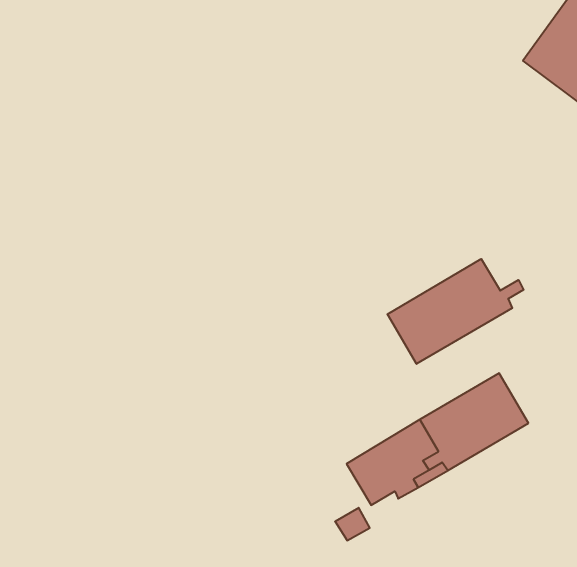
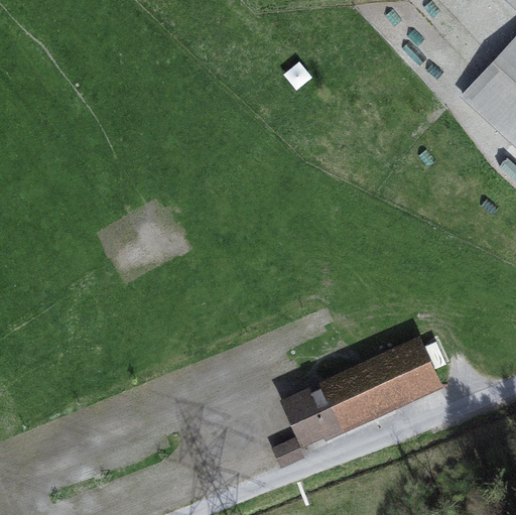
building: [387,259,524,364] -> none

